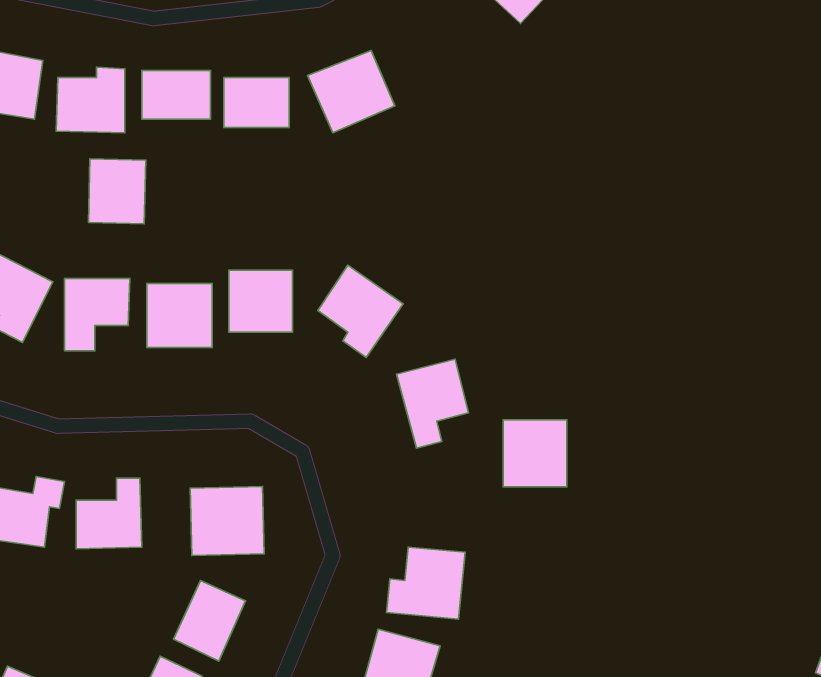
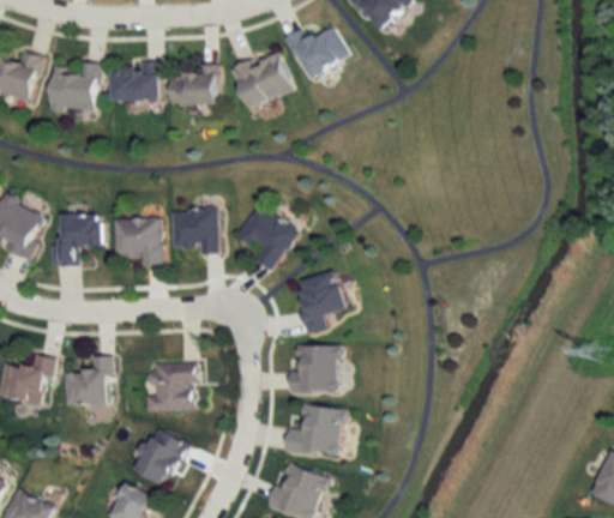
building: none -> [285,25,349,78]
building: [88,159,146,224] -> none
building: [503,420,567,487] -> [293,345,338,393]

